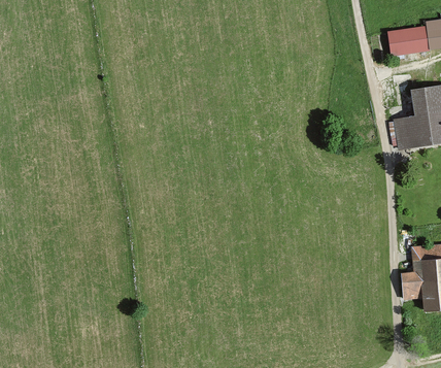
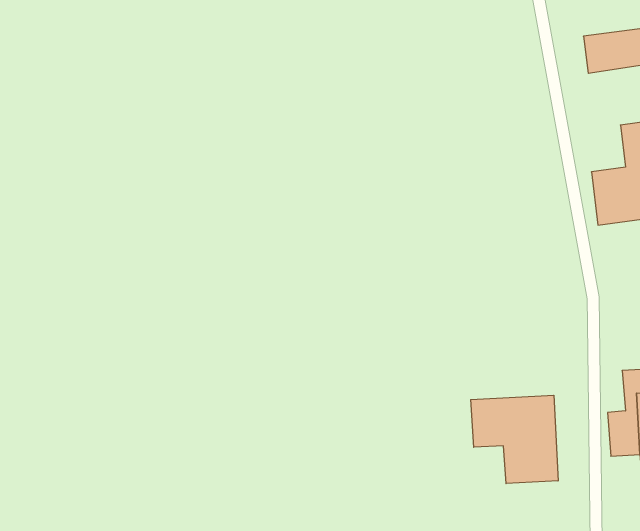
building: none -> [471,395,558,484]

